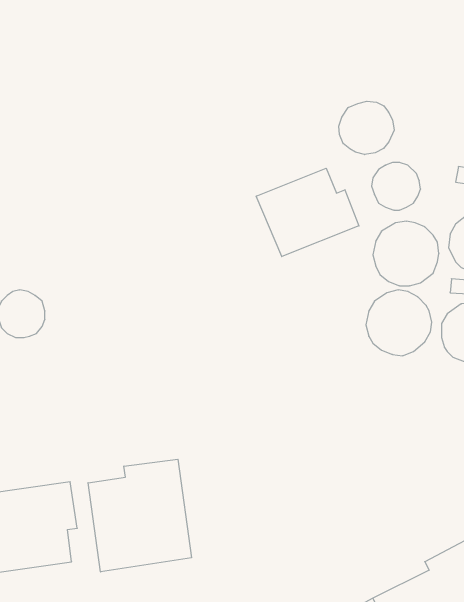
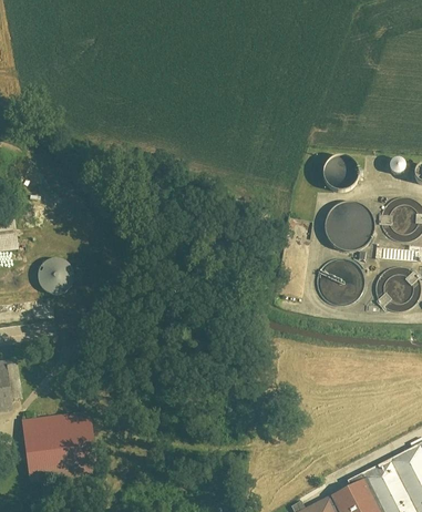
building: [339,101,394,155] -> none
building: [256,168,359,257] -> none
building: [88,459,191,572] -> none

